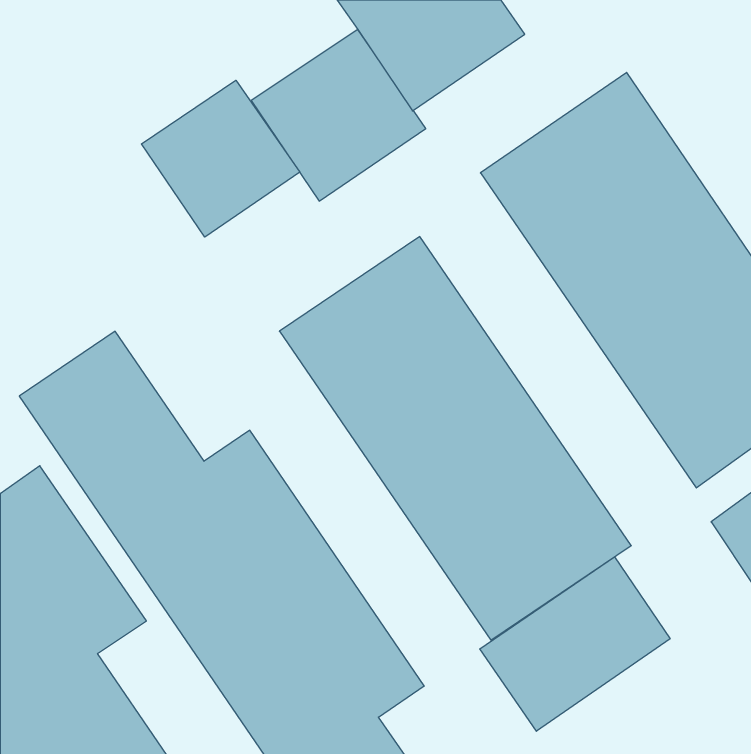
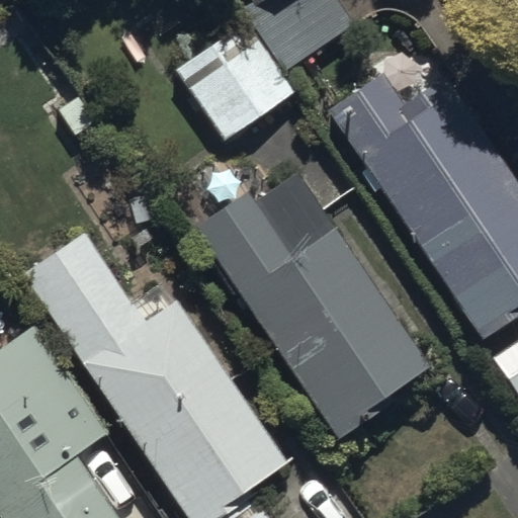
building: [141,80,300,237] -> none
building: [480,557,670,731] -> none

